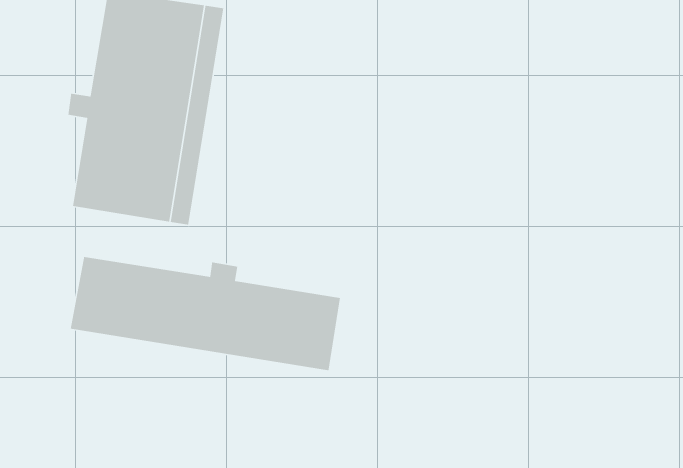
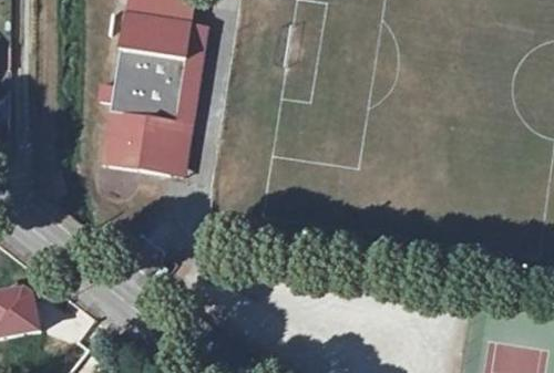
building: [70,256,341,371] -> none

